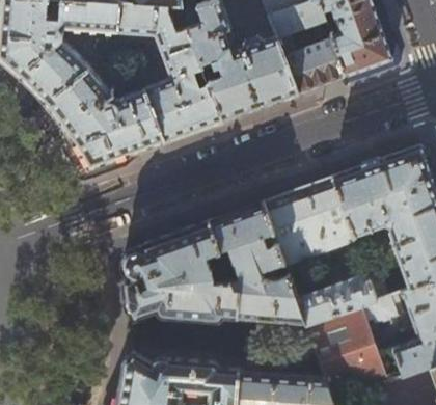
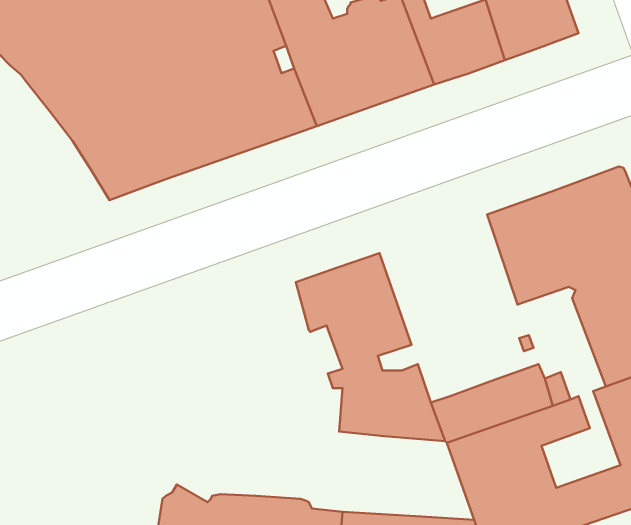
building: [263,177,354,272] -> none
building: [121,220,239,320] -> none

